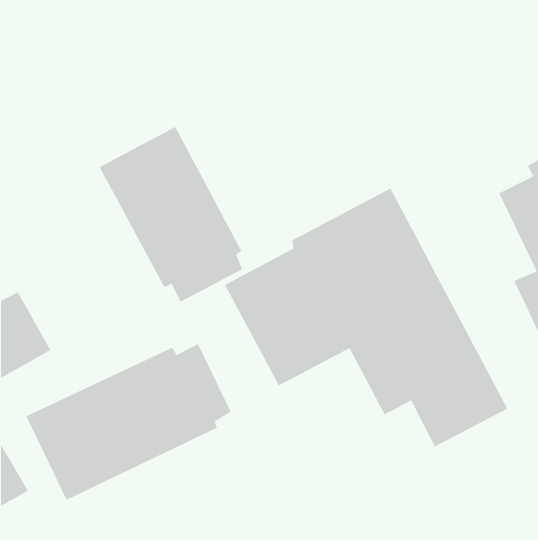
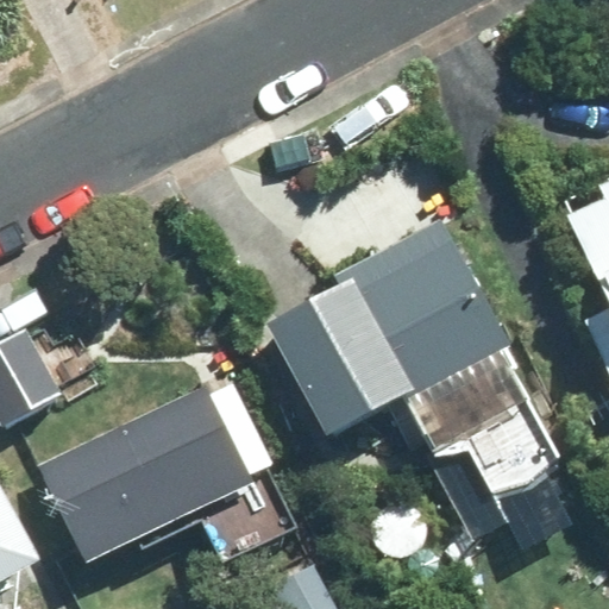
building: [99,126,243,302] -> none

